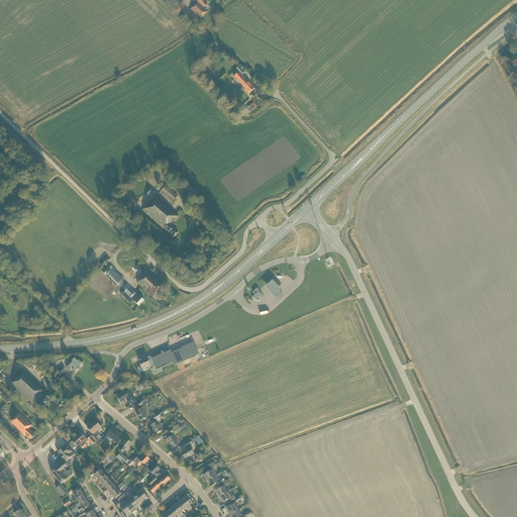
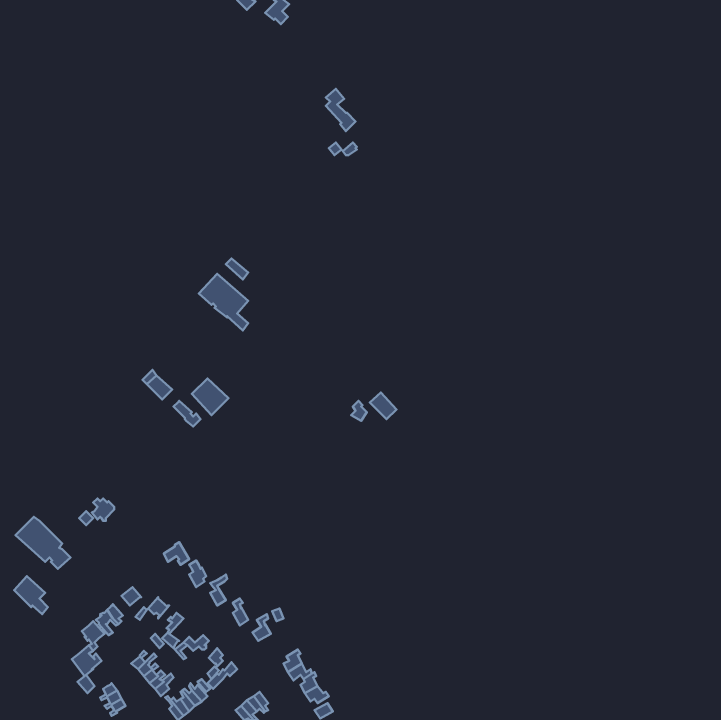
building: [138,342,199,375] -> none

